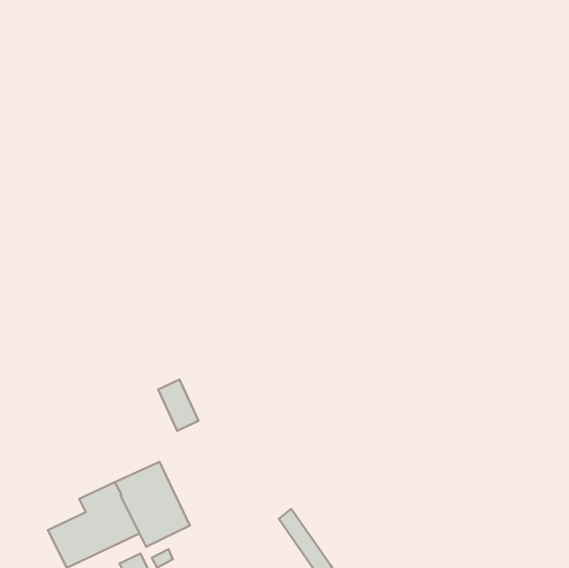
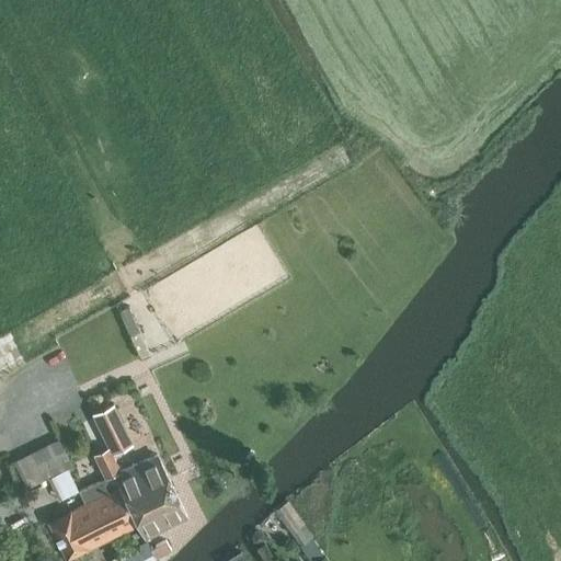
building: [158,380,198,431] -> [92,405,131,456]
building: none -> [13,440,70,489]

